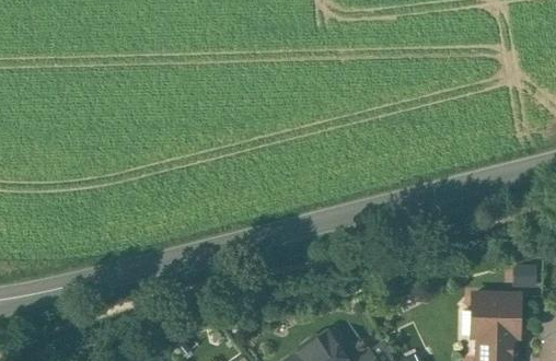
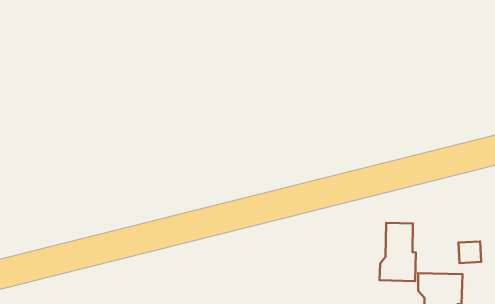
building: none -> [380,223,416,281]

